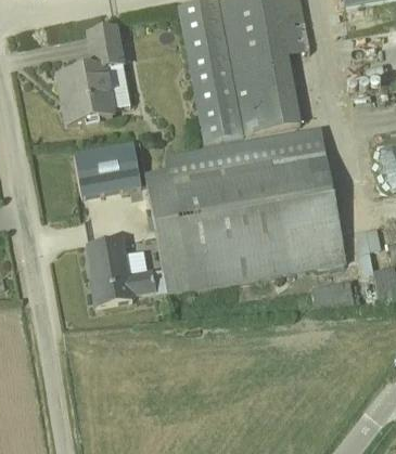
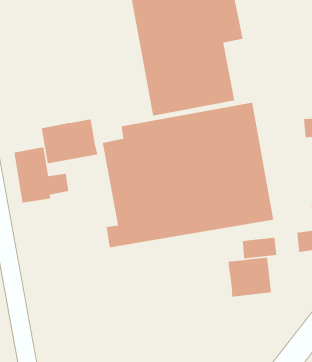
building: [60,25,130,122] -> none
building: [88,238,153,304] -> [13,147,69,204]
building: none -> [228,257,272,298]

